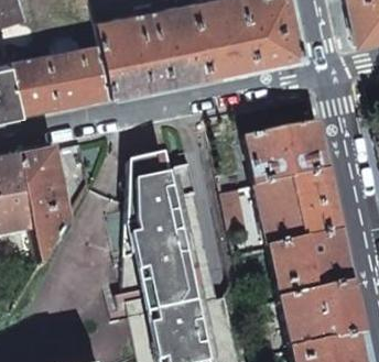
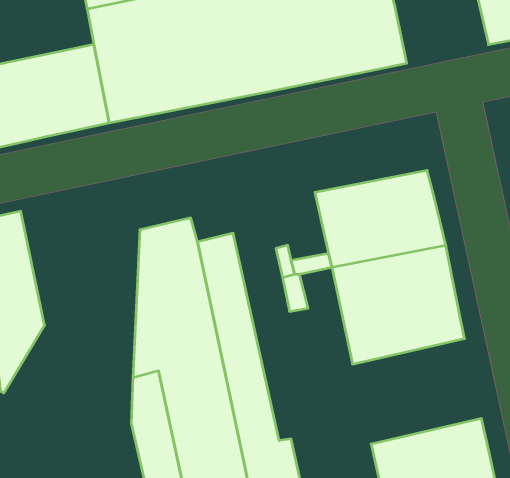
building: [269,234,353,303] -> none

